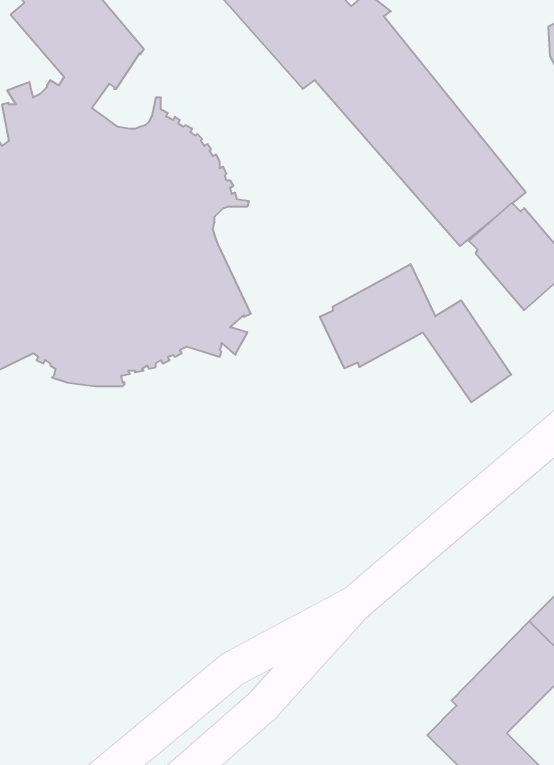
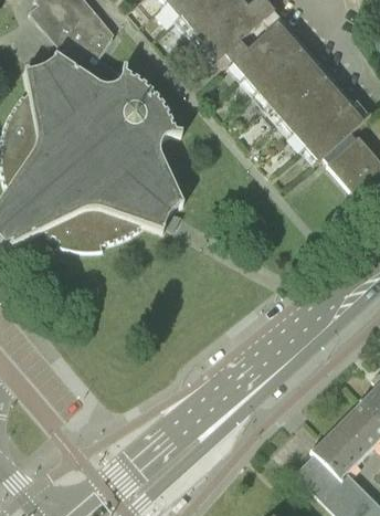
building: [320,264,511,402] -> none

